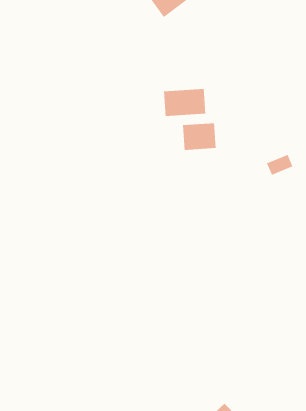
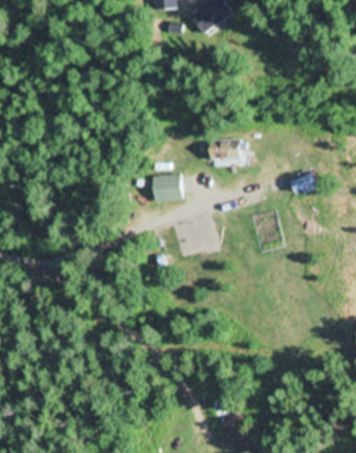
building: [164,88,206,117] -> none
building: none -> [153,173,182,201]

